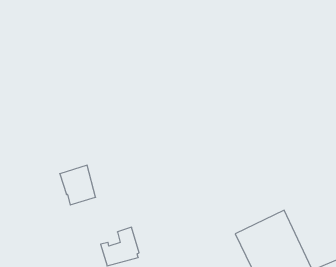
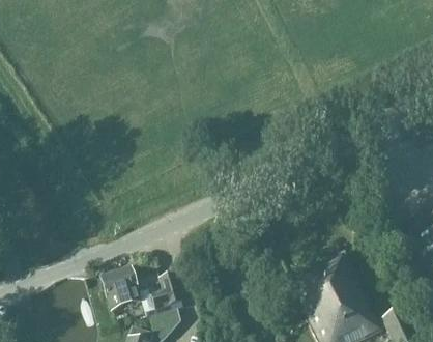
building: [60,165,96,205] -> [106,263,145,307]

